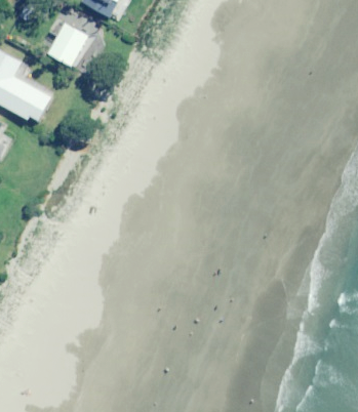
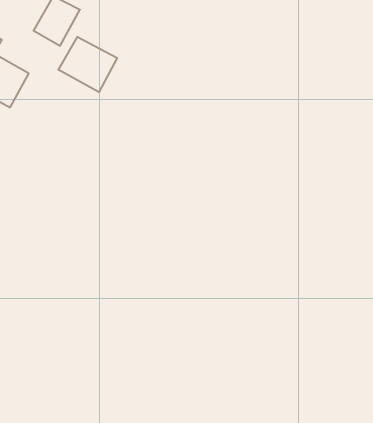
building: none -> [58,37,117,92]

